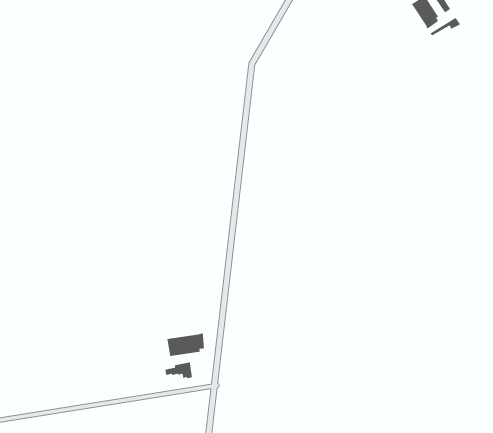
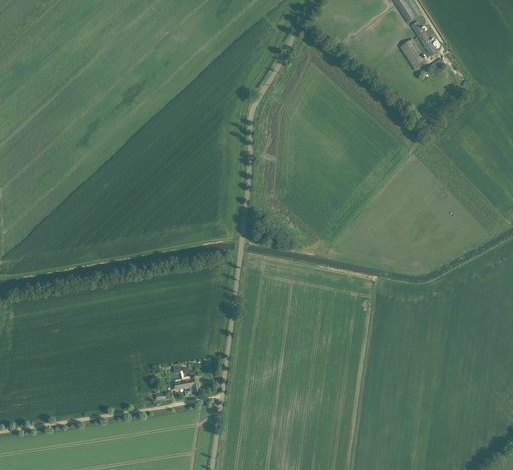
building: [166,332,205,357] -> none

